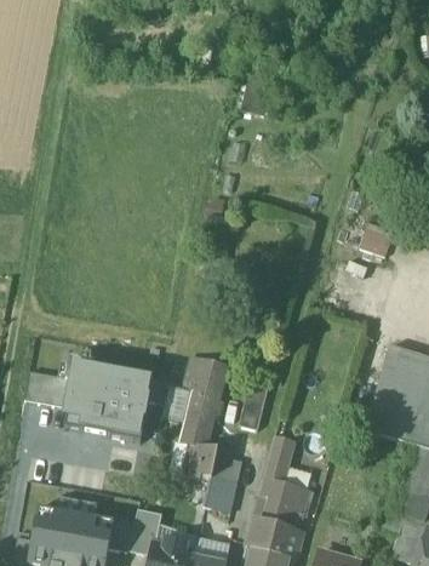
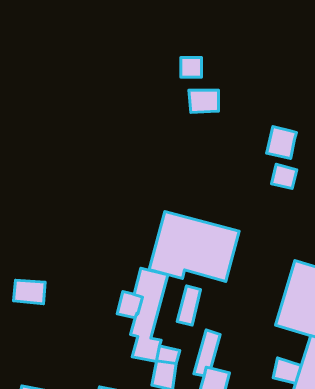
building: none -> [189,90,218,112]
building: none -> [267,127,296,158]
building: none -> [149,212,239,281]
building: [65,364,151,441] -> none
building: none -> [273,358,301,384]

